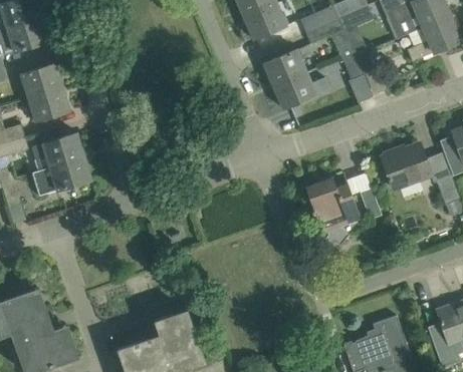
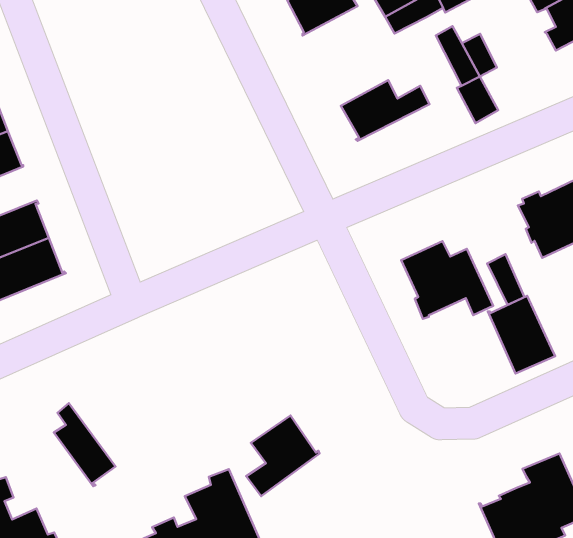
building: [263,47,304,85] -> none
building: none -> [488,296,555,374]
building: none -> [54,403,115,486]
building: none -> [246,415,320,496]

